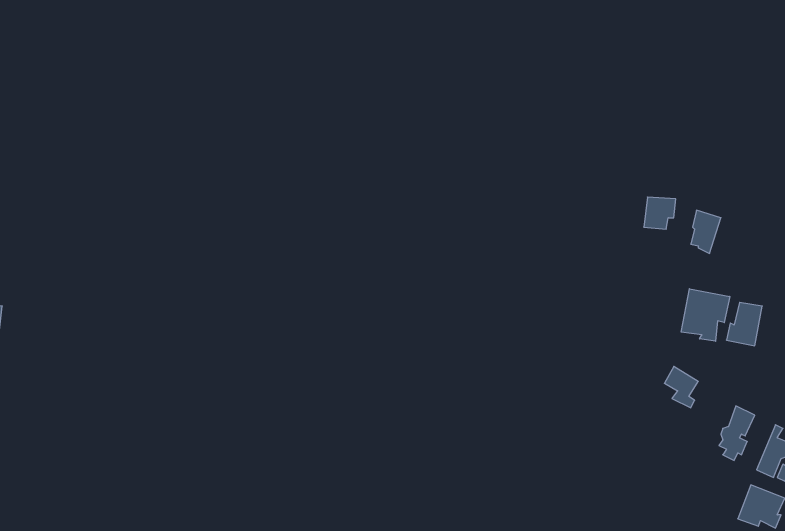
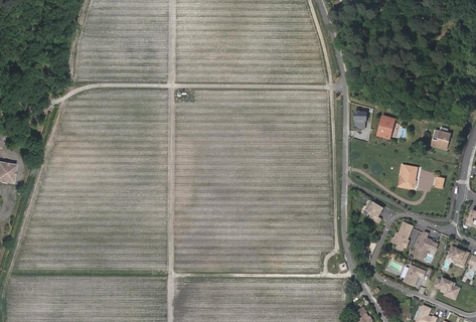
building: [681,289,730,341] -> none

